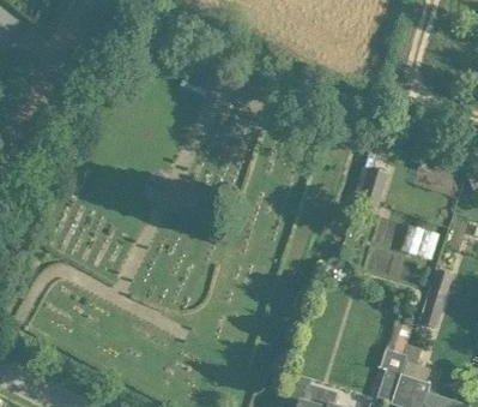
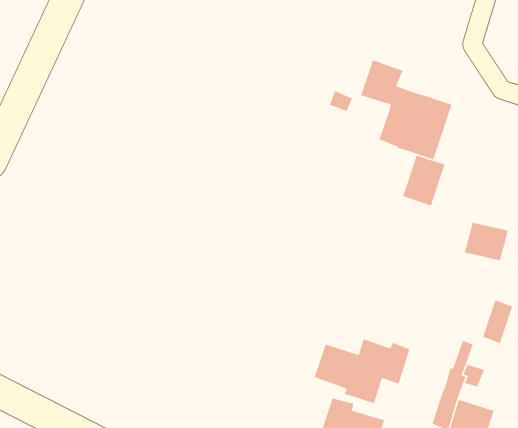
building: none -> [360,59,452,160]
building: none -> [313,339,411,404]

